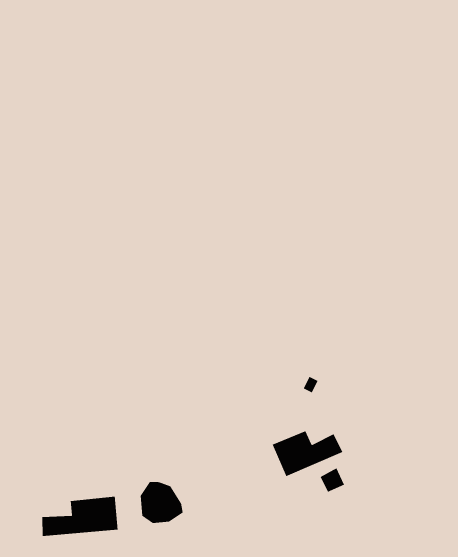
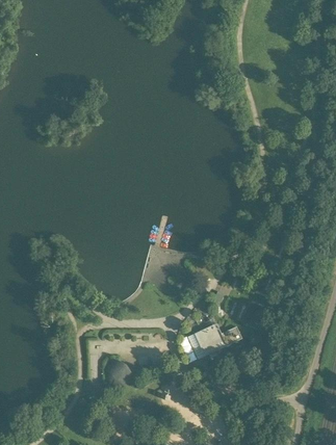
building: [42,496,118,537] -> none

